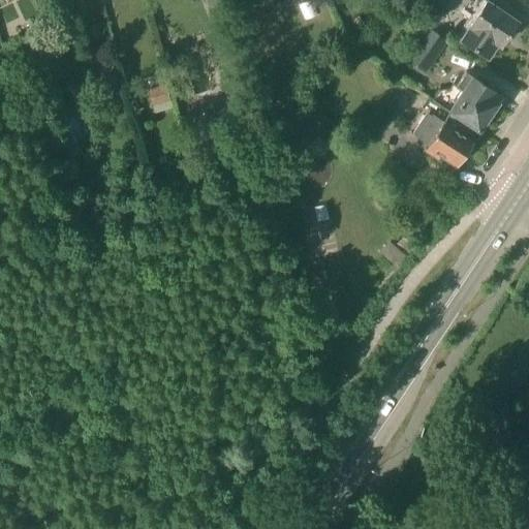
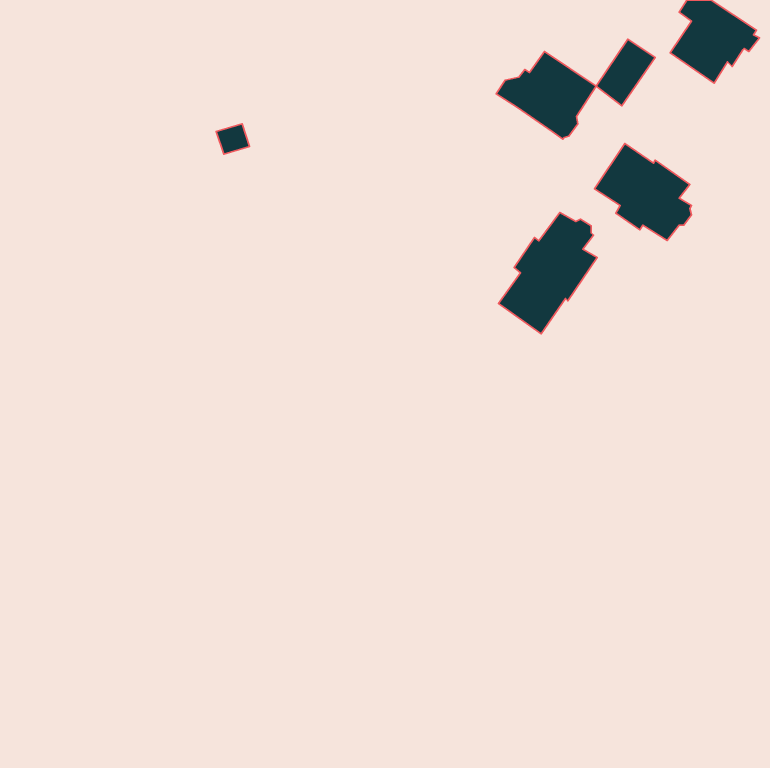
building: [435,74,503,134] -> [496,51,596,139]
building: none -> [499,212,597,334]

